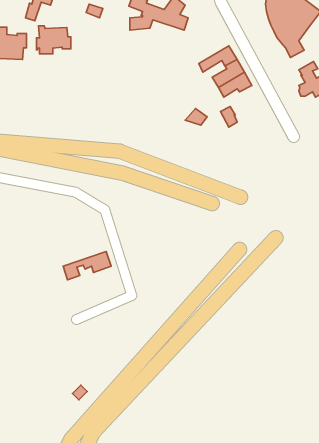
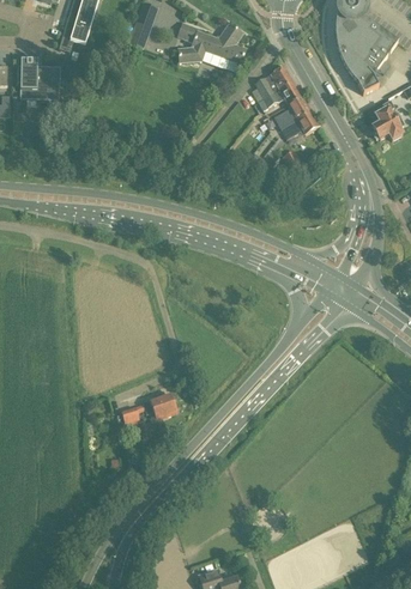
building: [37,26,71,54] -> none
building: none -> [252,66,292,101]
building: [63,252,111,280] -> [121,394,176,426]

